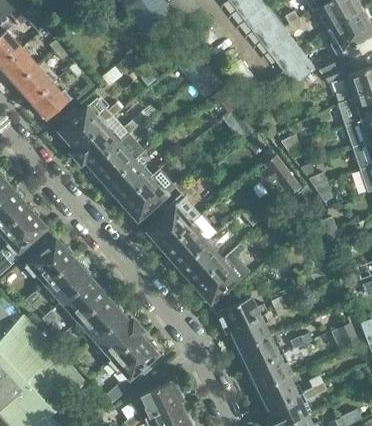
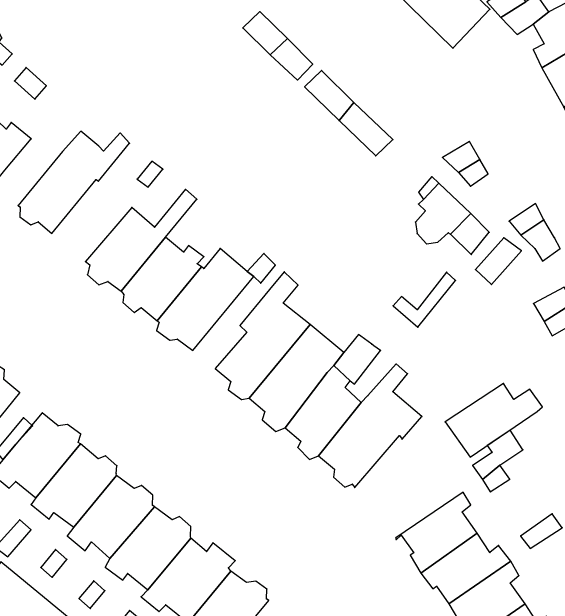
building: [72,125,118,166] -> none
building: [217,297,268,332] -> [445,383,542,457]

